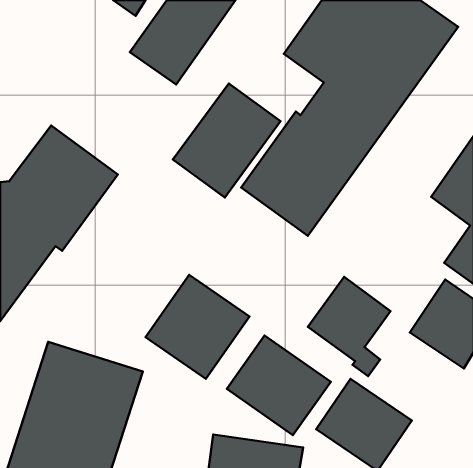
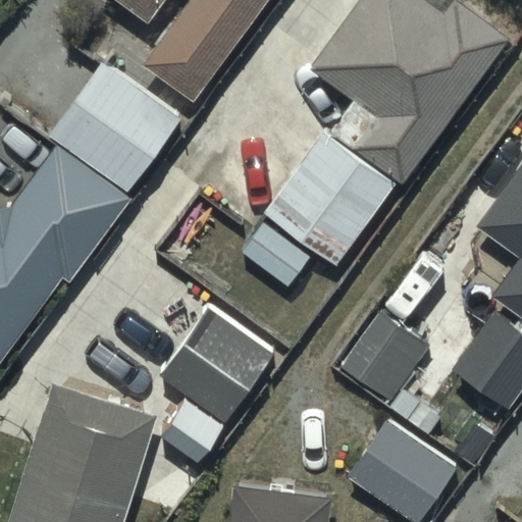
building: none -> [49,59,180,190]
building: [173,83,281,197] -> none
building: [227,335,331,435] -> none

